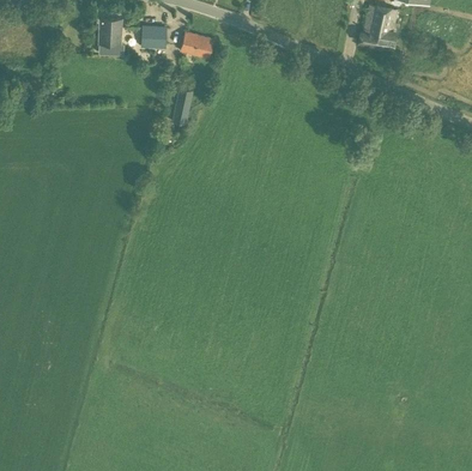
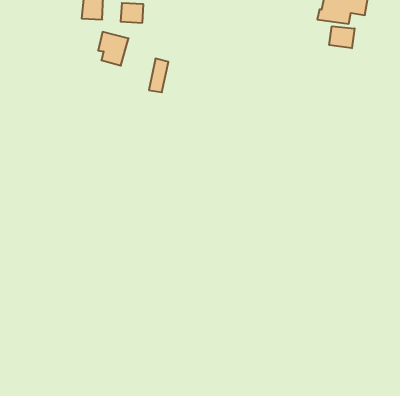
building: [180,31,213,68] -> [98,32,129,66]
building: none -> [329,26,355,48]

